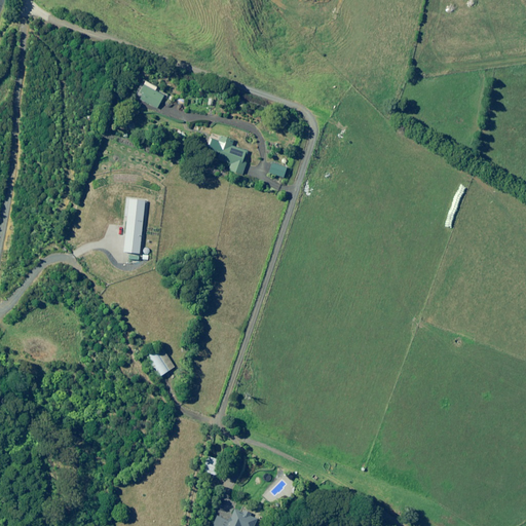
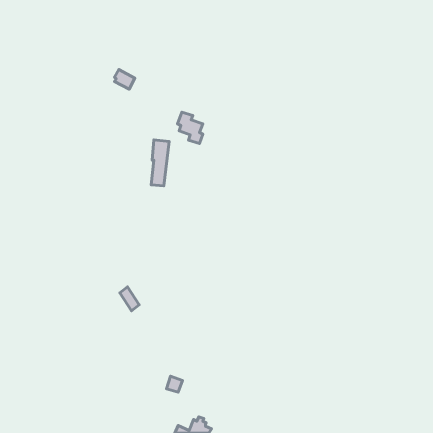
building: [123,197,145,253] -> [151,140,169,186]

